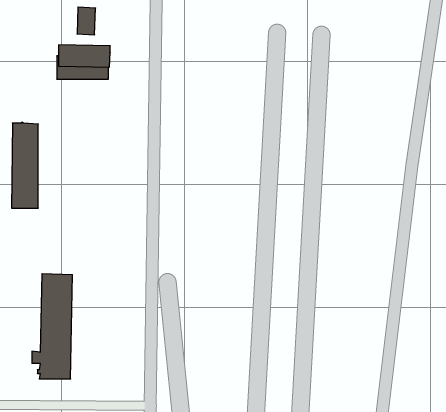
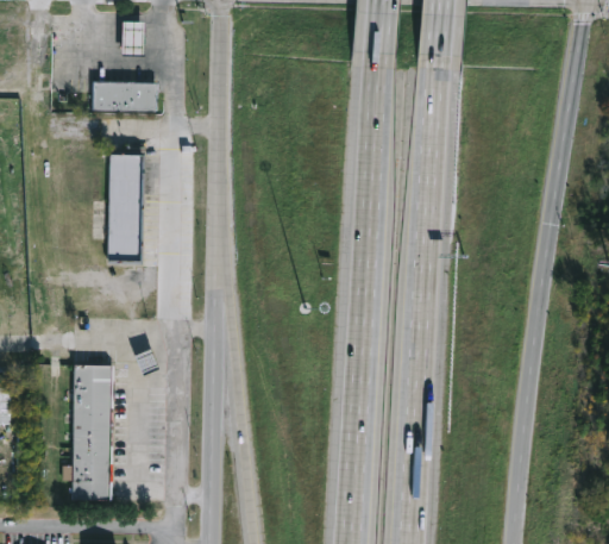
building: [12,122,38,208] -> [107,152,142,263]

